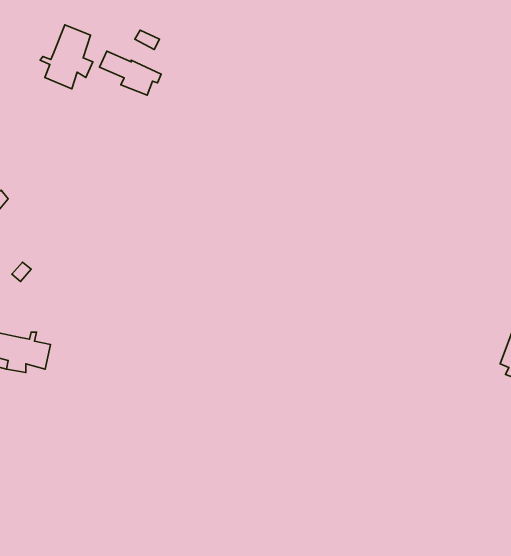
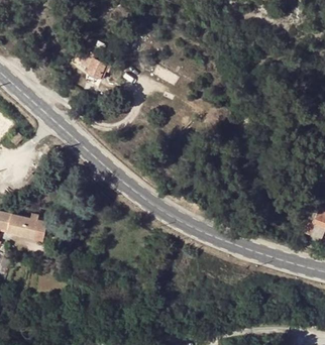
building: [40,25,93,89] -> none

